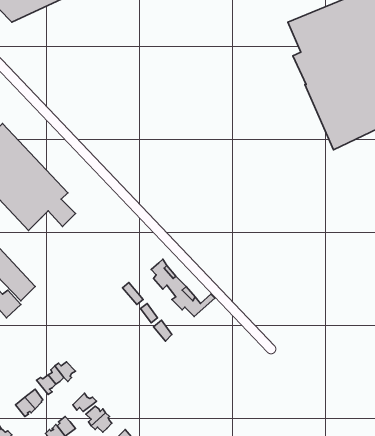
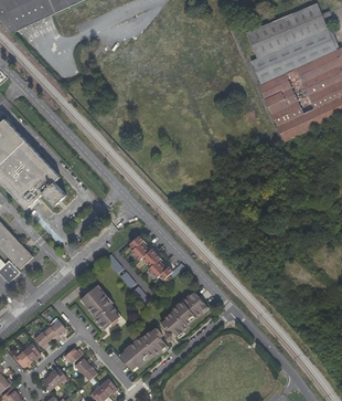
building: none -> [81,285,118,329]
building: none -> [160,292,206,336]
building: none -> [119,328,165,369]

